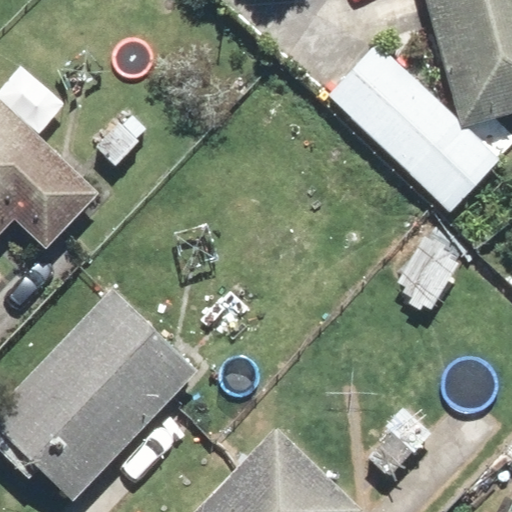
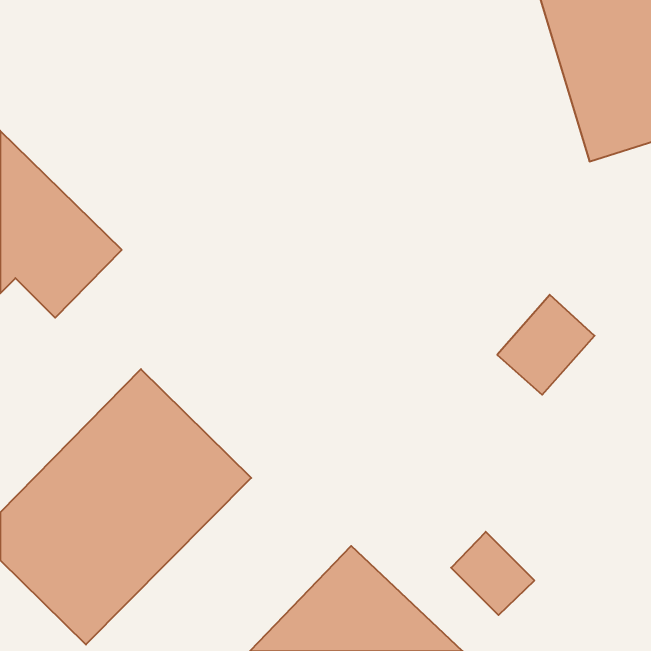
building: [329,48,499,215] -> none

